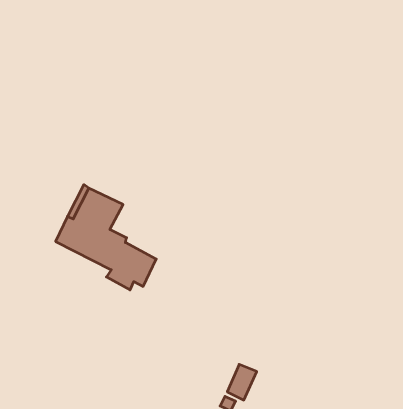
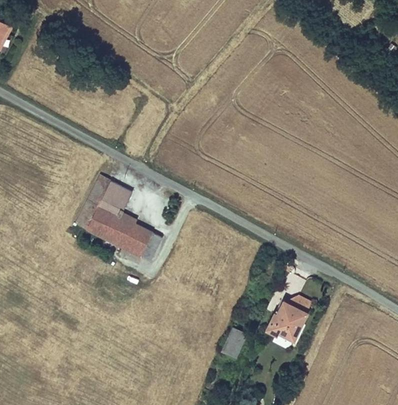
building: none -> [267,300,306,337]

